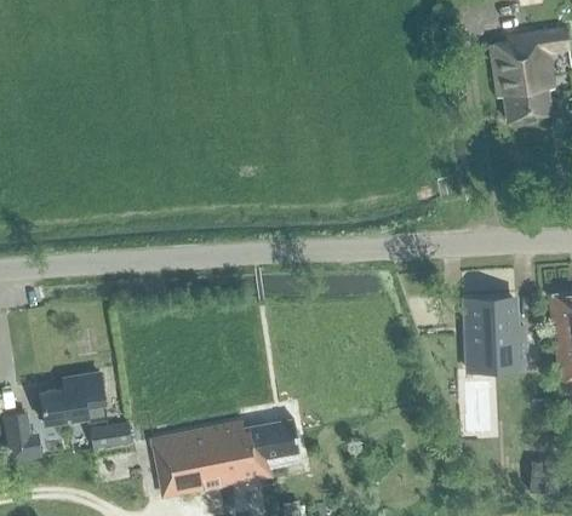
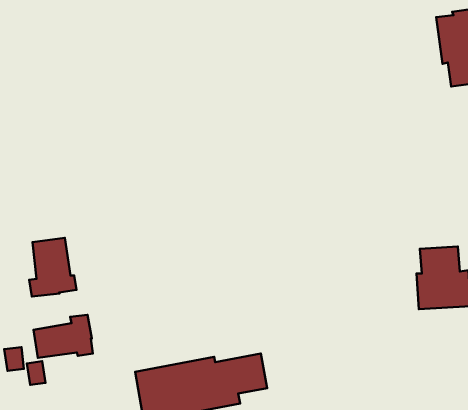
building: none -> [29,238,76,296]
building: [88,422,131,448] -> none

